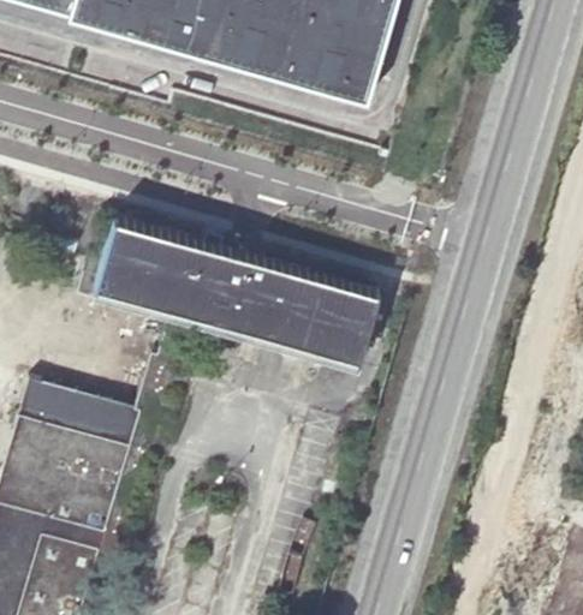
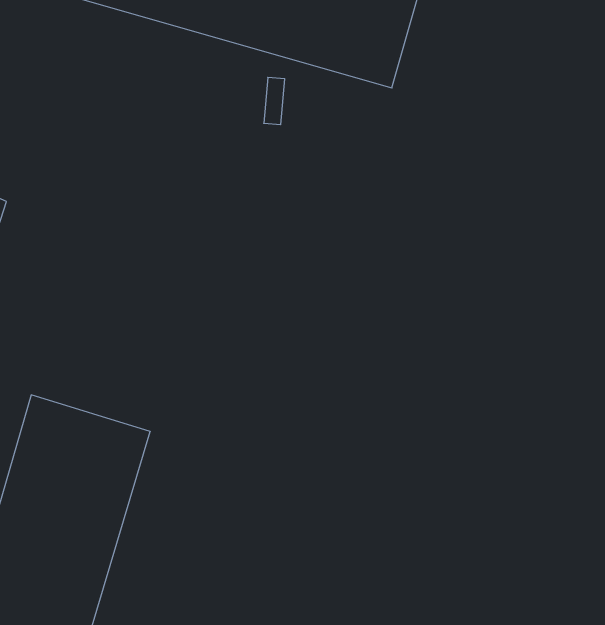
building: [87,213,371,365] -> none

